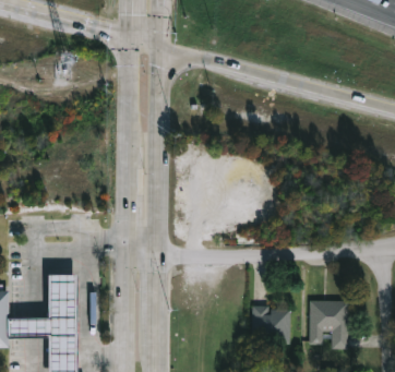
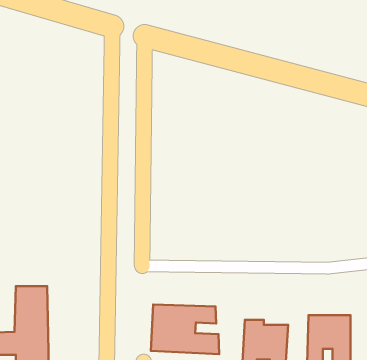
building: none -> [151,305,219,354]

